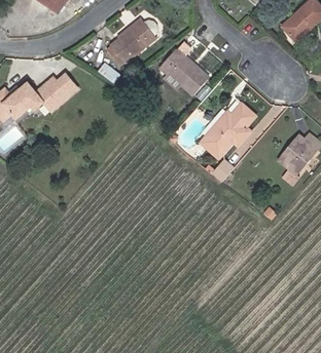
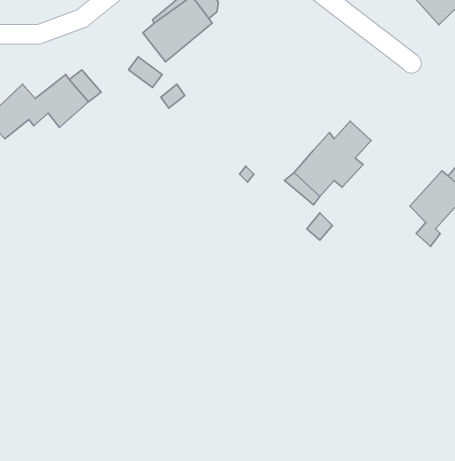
building: [154,55,204,99] -> none

